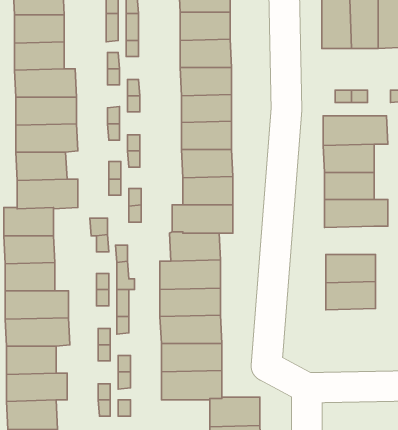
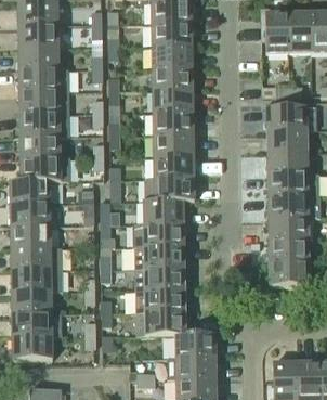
building: none -> [267,195,319,218]
building: none -> [269,261,310,285]

